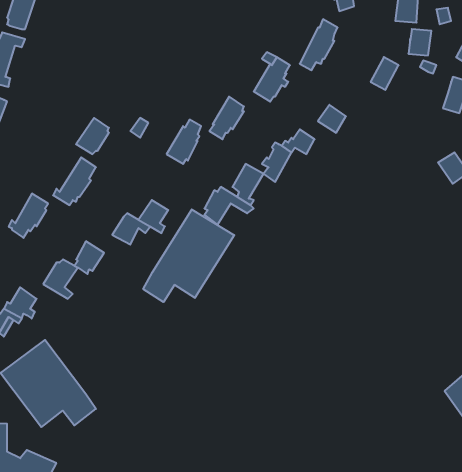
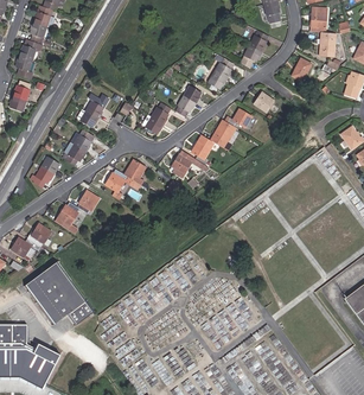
building: [143,209,234,302] -> none

